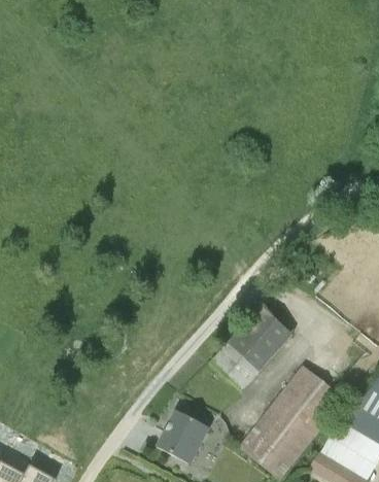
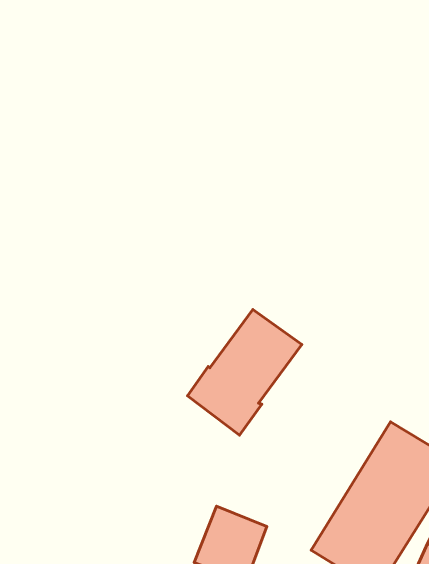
building: [210,305,292,390] -> [187,309,302,435]

